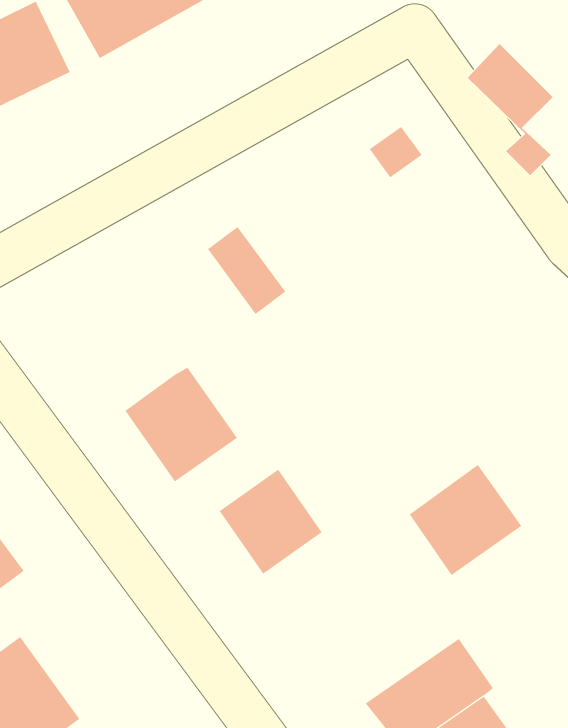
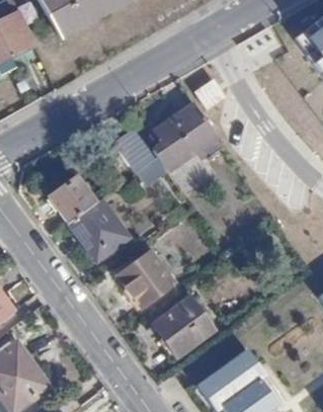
building: none -> [143,102,217,170]
building: none -> [50,179,95,226]
building: [409,464,522,576] -> [156,302,216,360]

